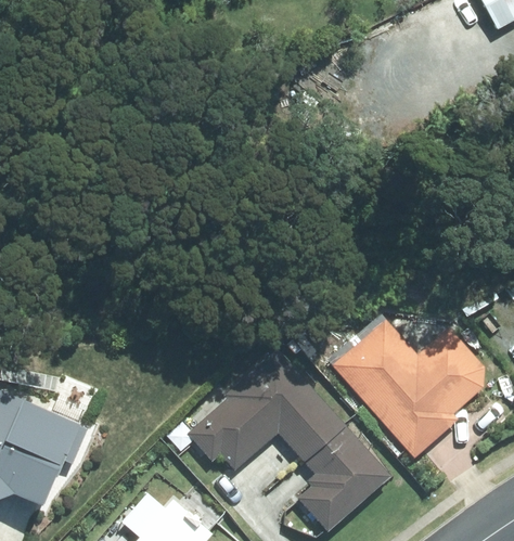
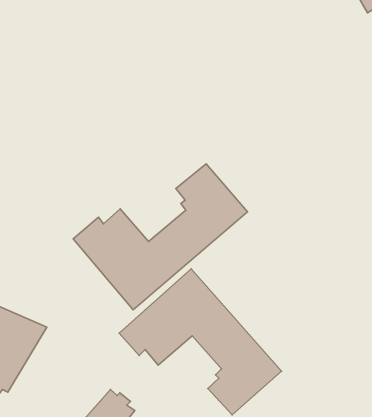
building: none -> [73,164,248,310]
building: [332,318,484,459] -> none

